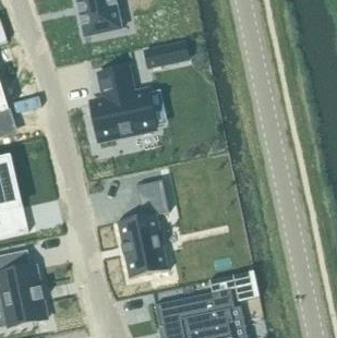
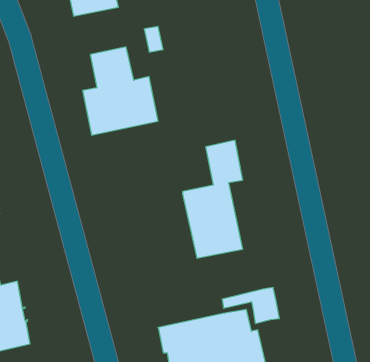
building: [117,180,168,280] -> [183,140,243,258]

